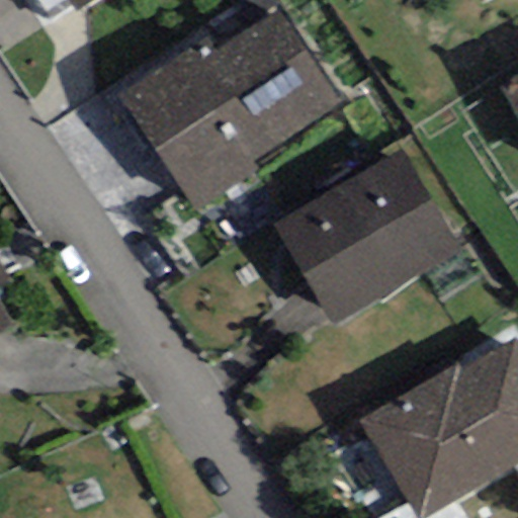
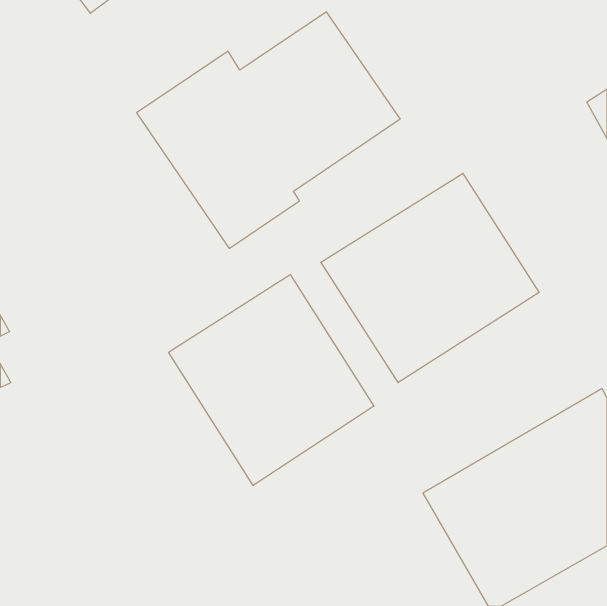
building: none -> [169,275,374,486]

